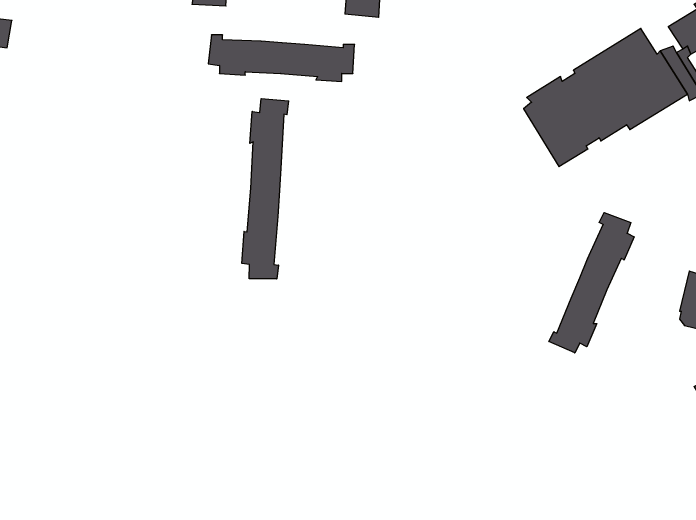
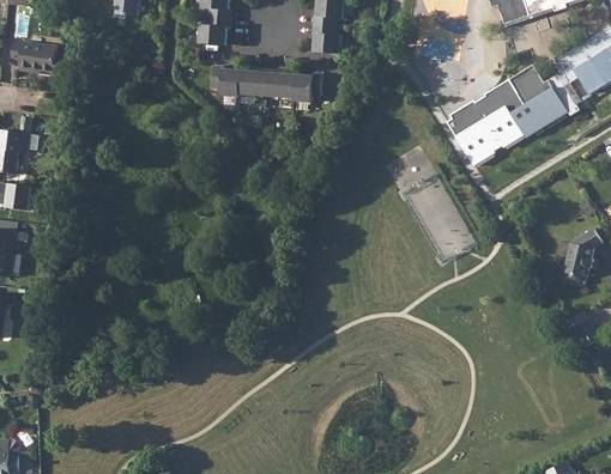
building: [242,99,289,279] -> none
building: [549,213,634,353] -> none

